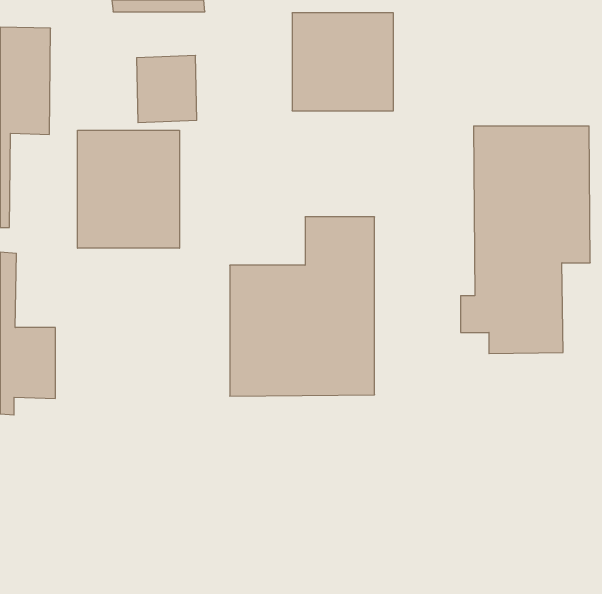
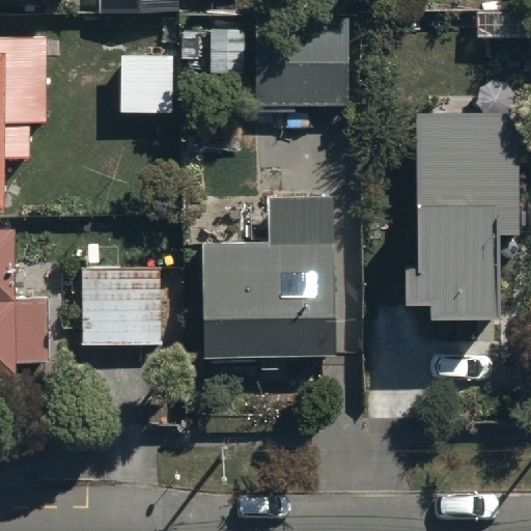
building: [78,130,179,248] -> none
building: none -> [80,272,163,344]

